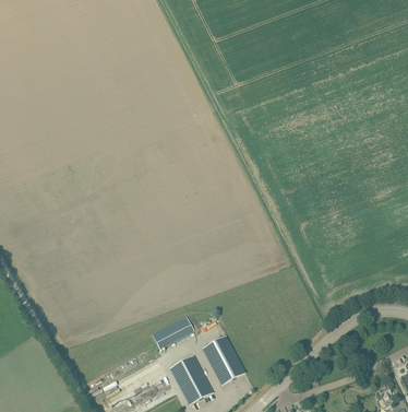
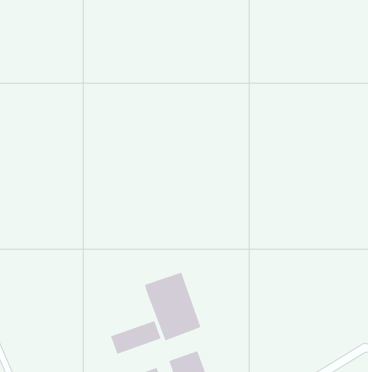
building: none -> [144,272,201,341]

